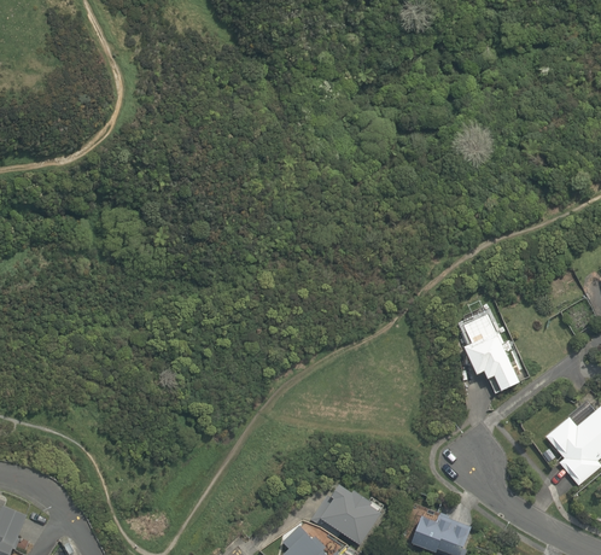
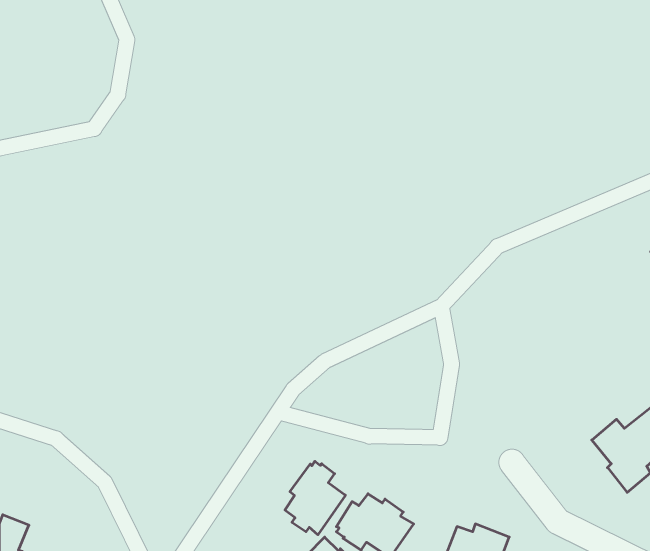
building: [463,317,519,390] -> none
building: none -> [285,461,345,535]

